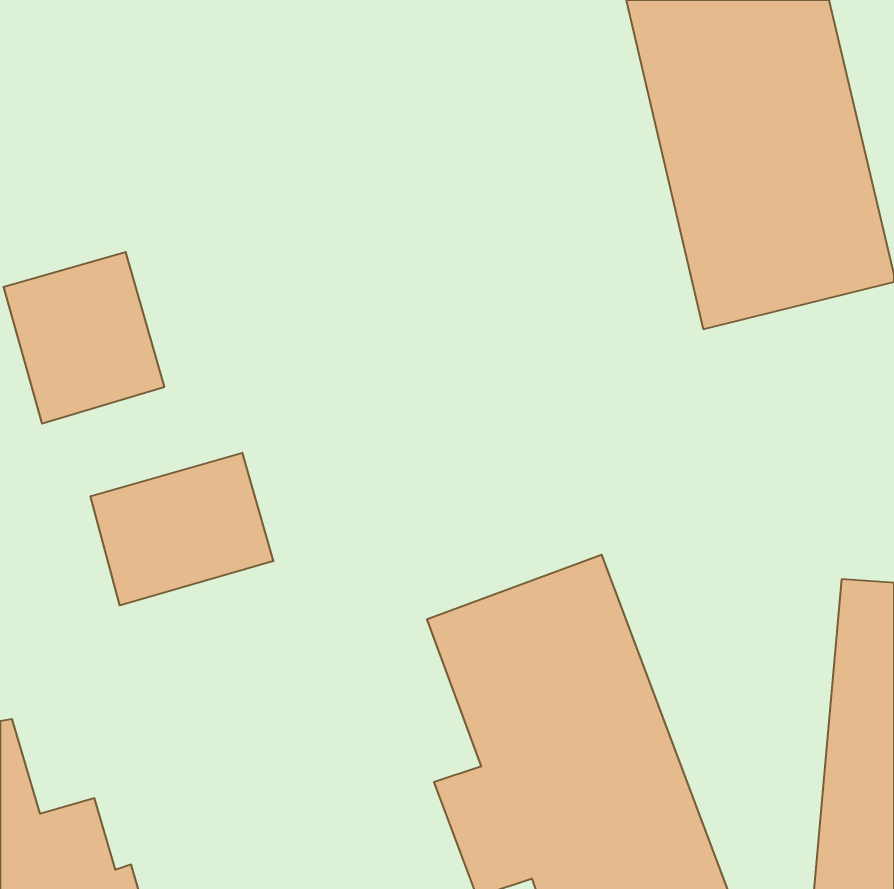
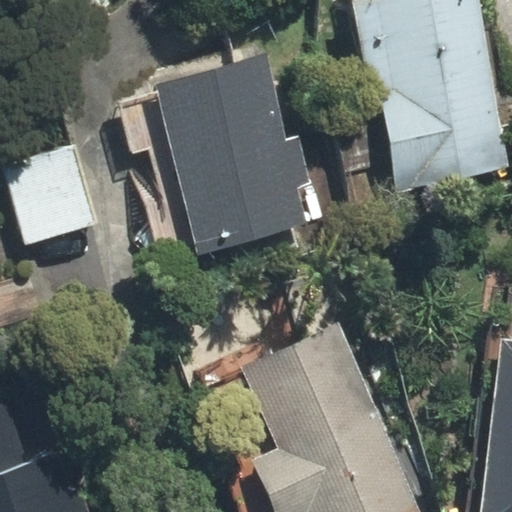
building: none -> [158,60,307,251]
building: [91,453,273,605] -> none

